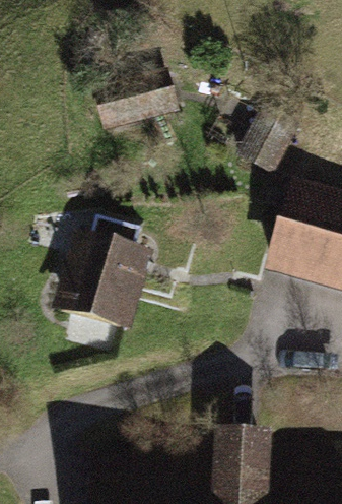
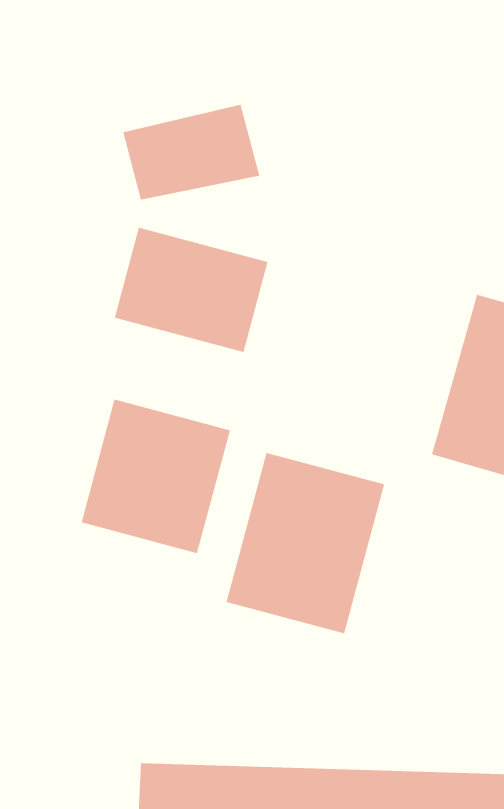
building: none -> [114,227,268,353]
building: none -> [226,452,385,634]

